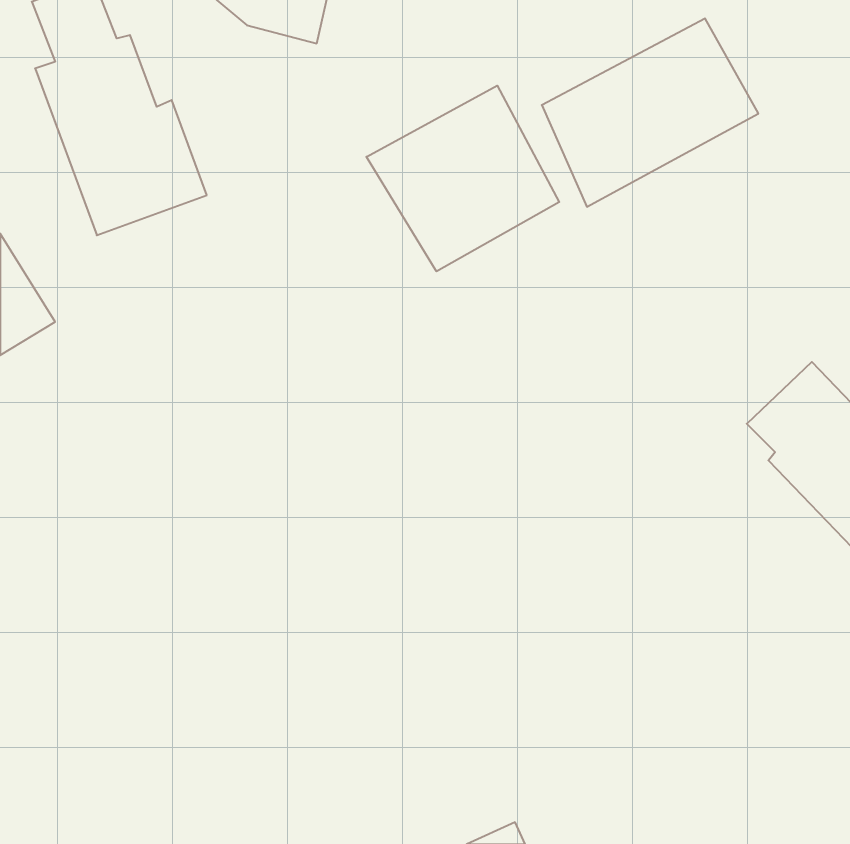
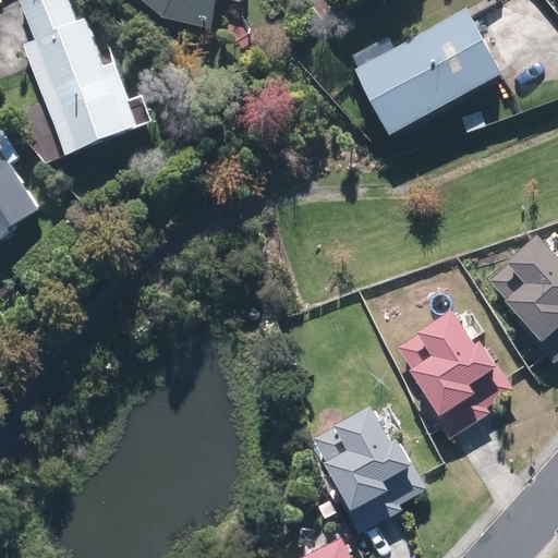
building: [366,86,559,271] -> none
building: none -> [399,313,510,434]
building: none -> [313,407,424,529]

